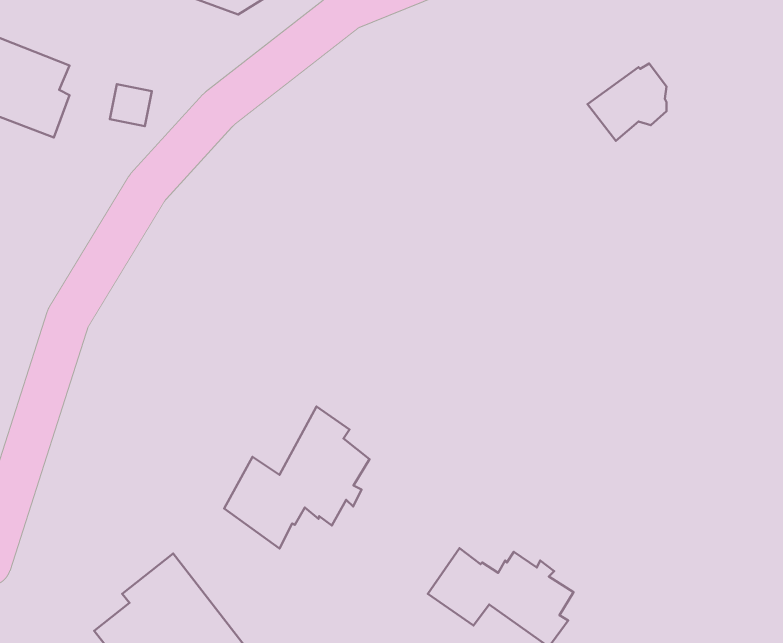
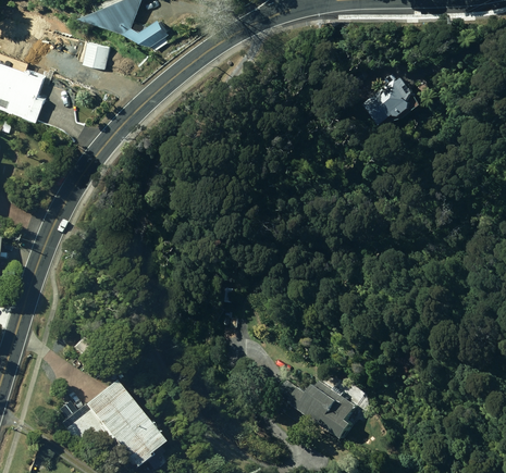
building: [110,84,152,126] -> [83,42,109,69]
building: [224,407,370,549] -> none

